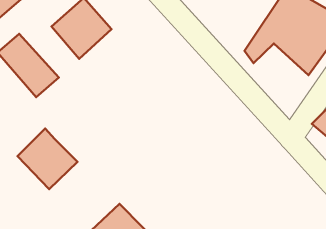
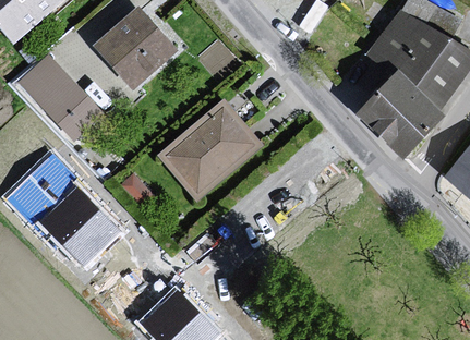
building: none -> [352,69,445,159]
building: none -> [157,99,261,201]

